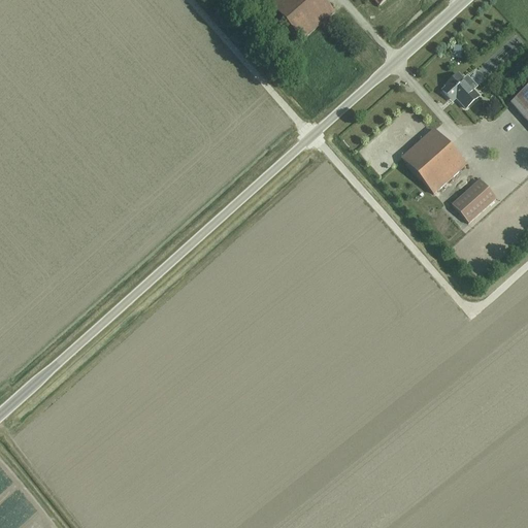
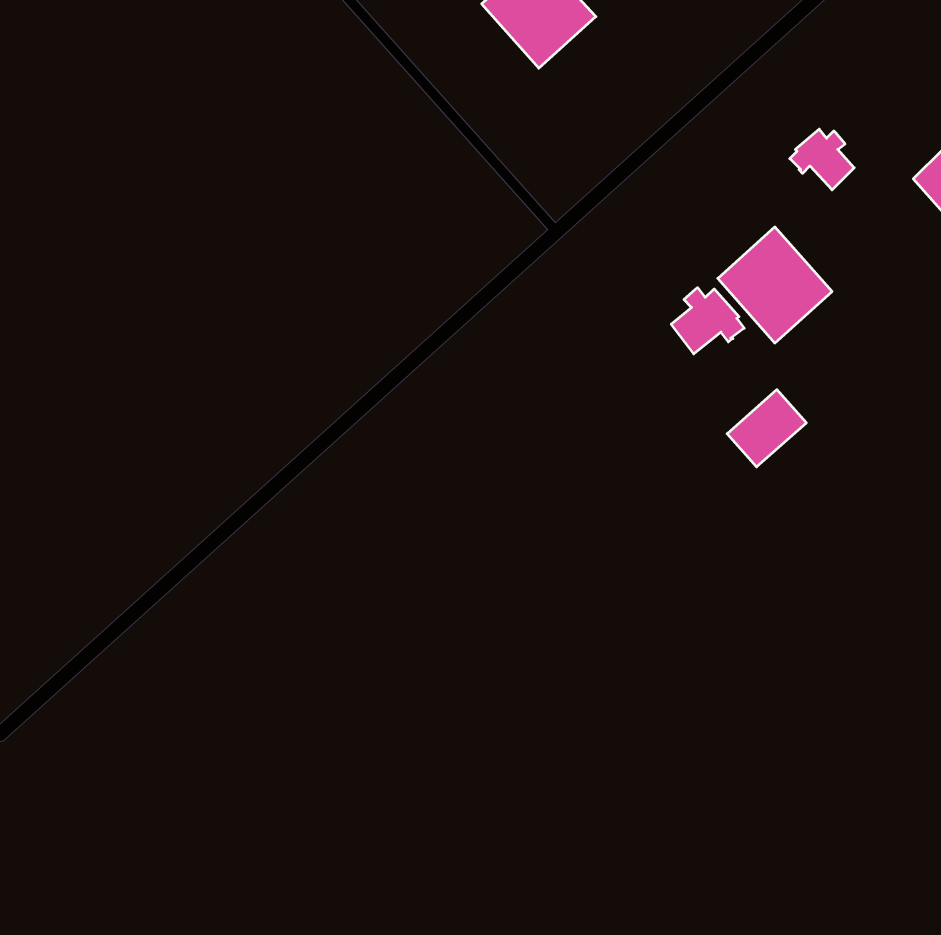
building: none -> [671,288,744,354]
building: [452,178,496,222] -> [727,390,806,467]

